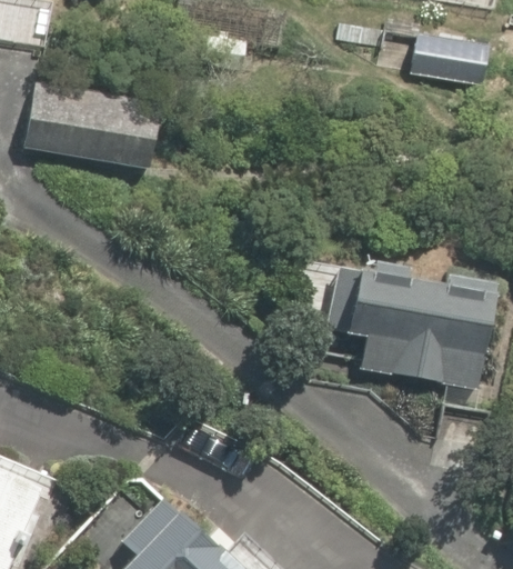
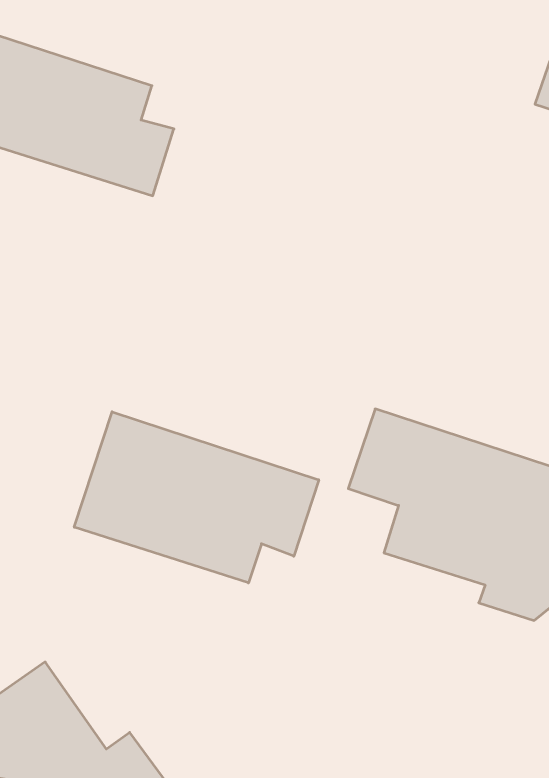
building: none -> [74,412,319,583]

